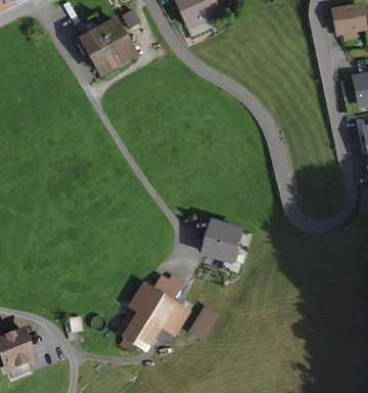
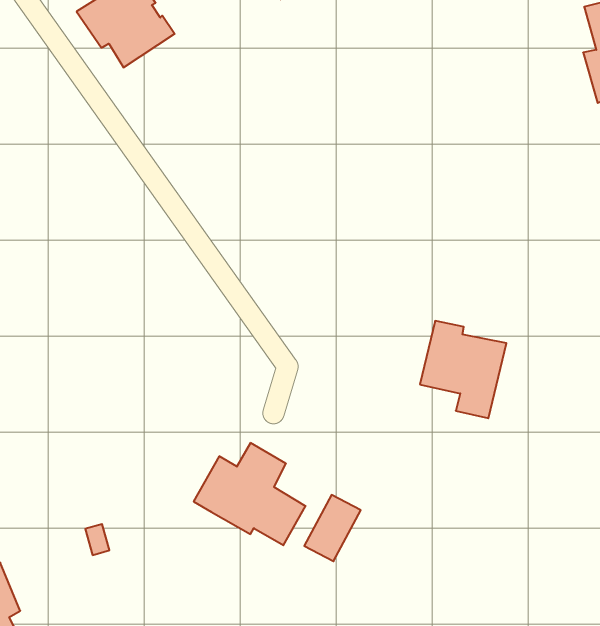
building: [202,219,250,274] -> [420,321,506,418]
building: [119,312,157,353] -> none

